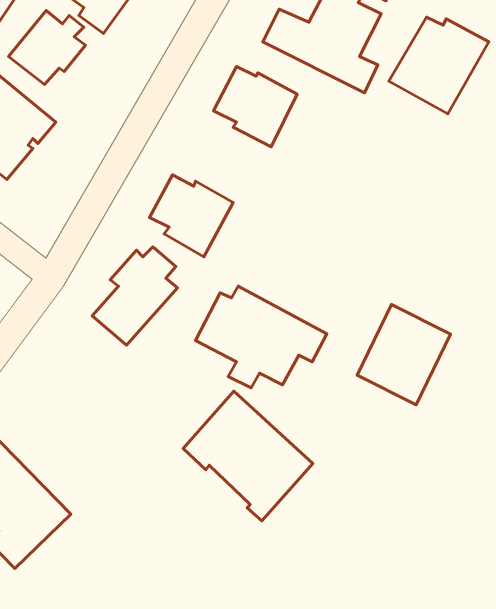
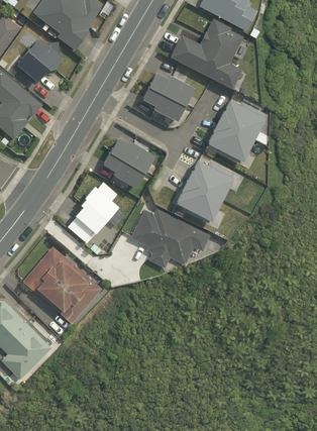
building: [389,17,489,114] -> [205,101,267,160]
building: [357,305,451,405] -> [175,158,232,220]
building: [183,391,313,521] -> [21,244,101,324]

